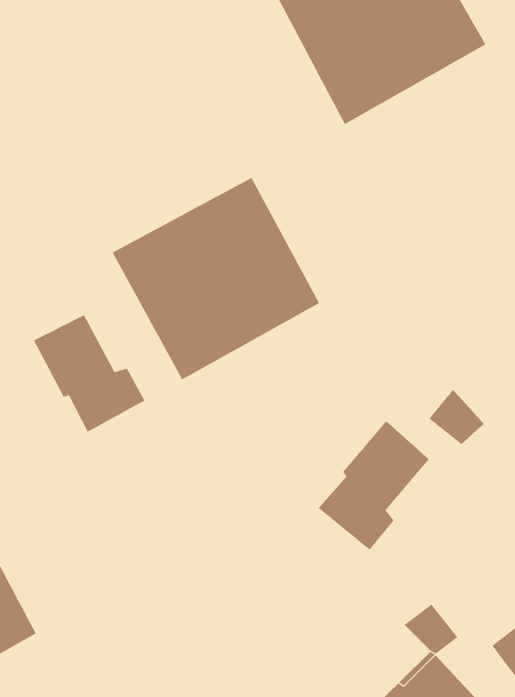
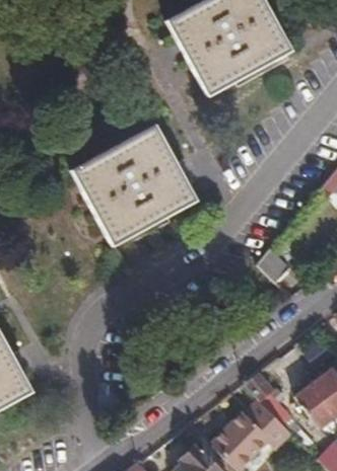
building: [33,314,145,433] -> none
building: [318,421,429,551] -> none

